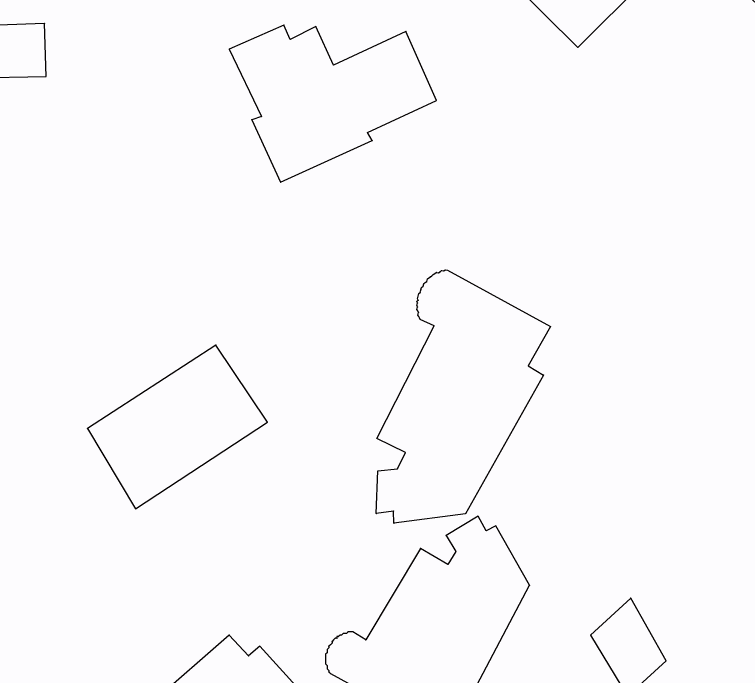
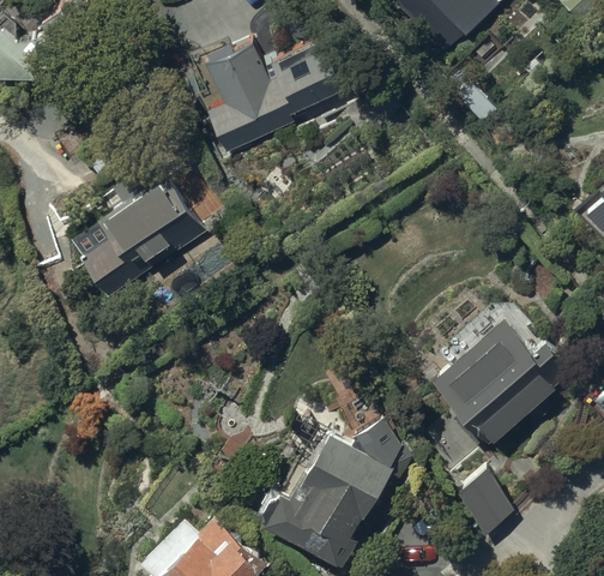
building: [376,270,551,523] -> none
building: [87,345,267,509] -> [71,175,205,298]
building: none -> [433,318,570,445]

